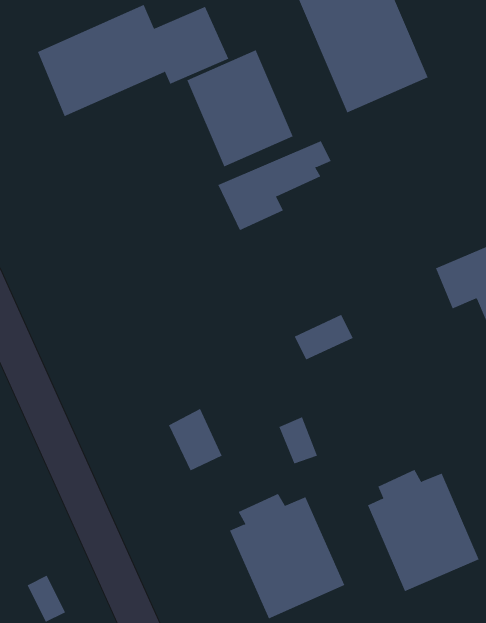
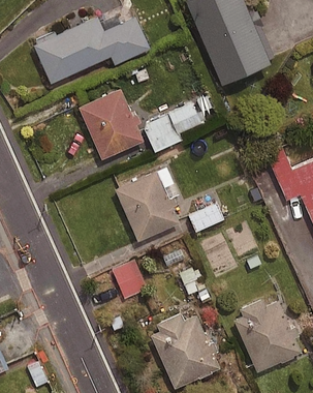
building: [186,50,294,167] -> [79,88,144,159]
building: none -> [115,171,180,241]

